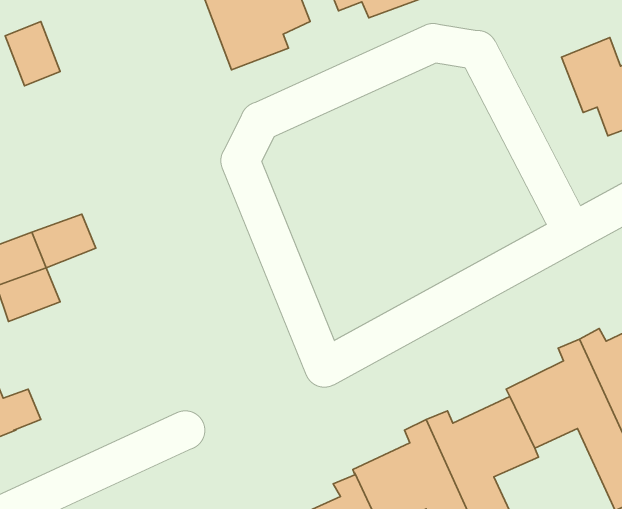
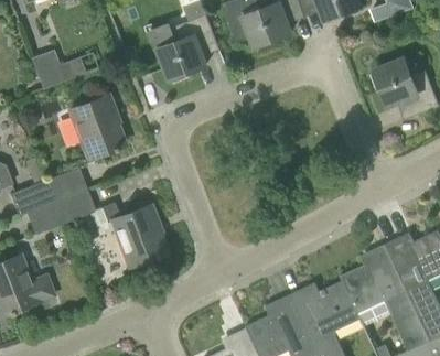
building: none -> [69,97,124,159]
building: none -> [55,190,94,223]
building: none -> [100,203,164,267]

